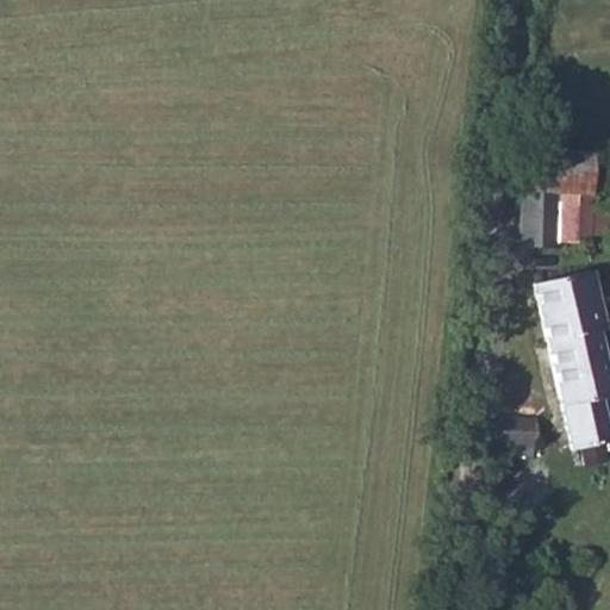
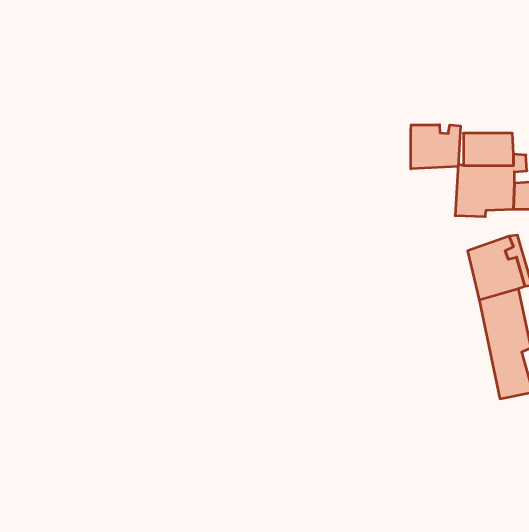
building: none -> [411,125,460,169]
building: [494,415,537,447] -> none

